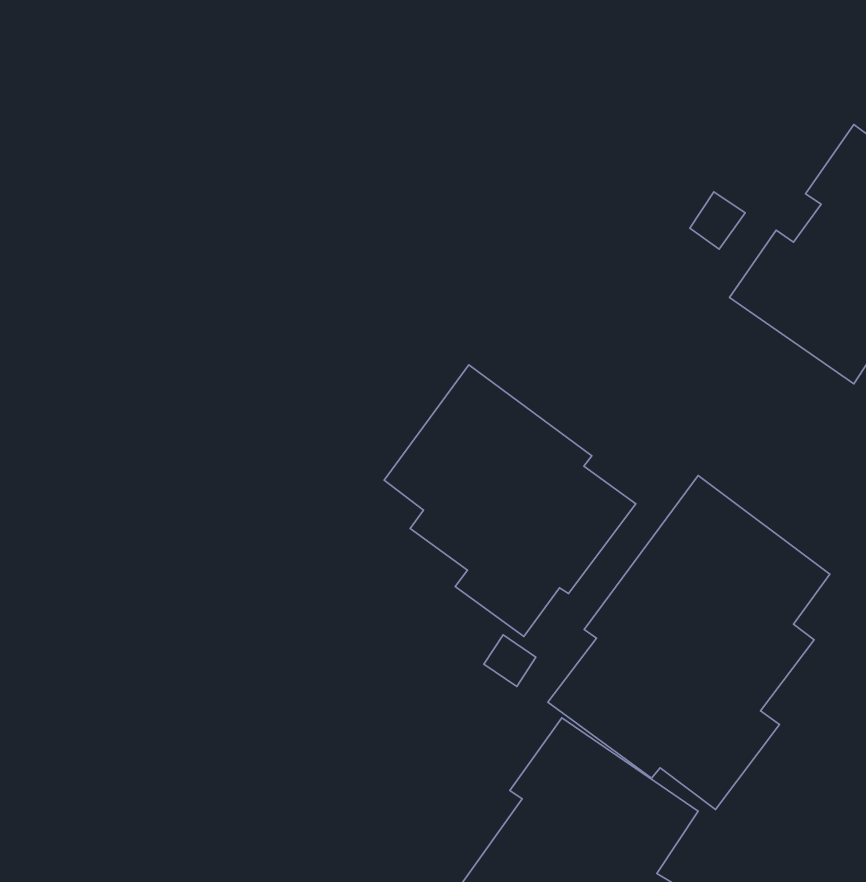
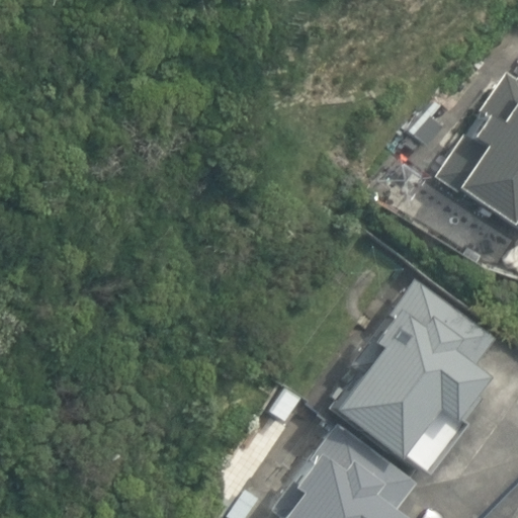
building: [384,365,636,636] -> none

